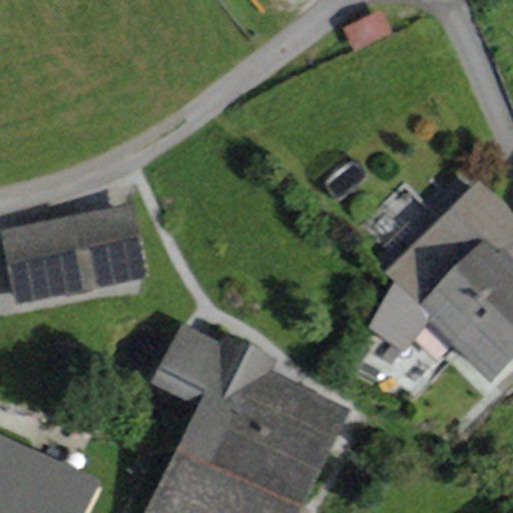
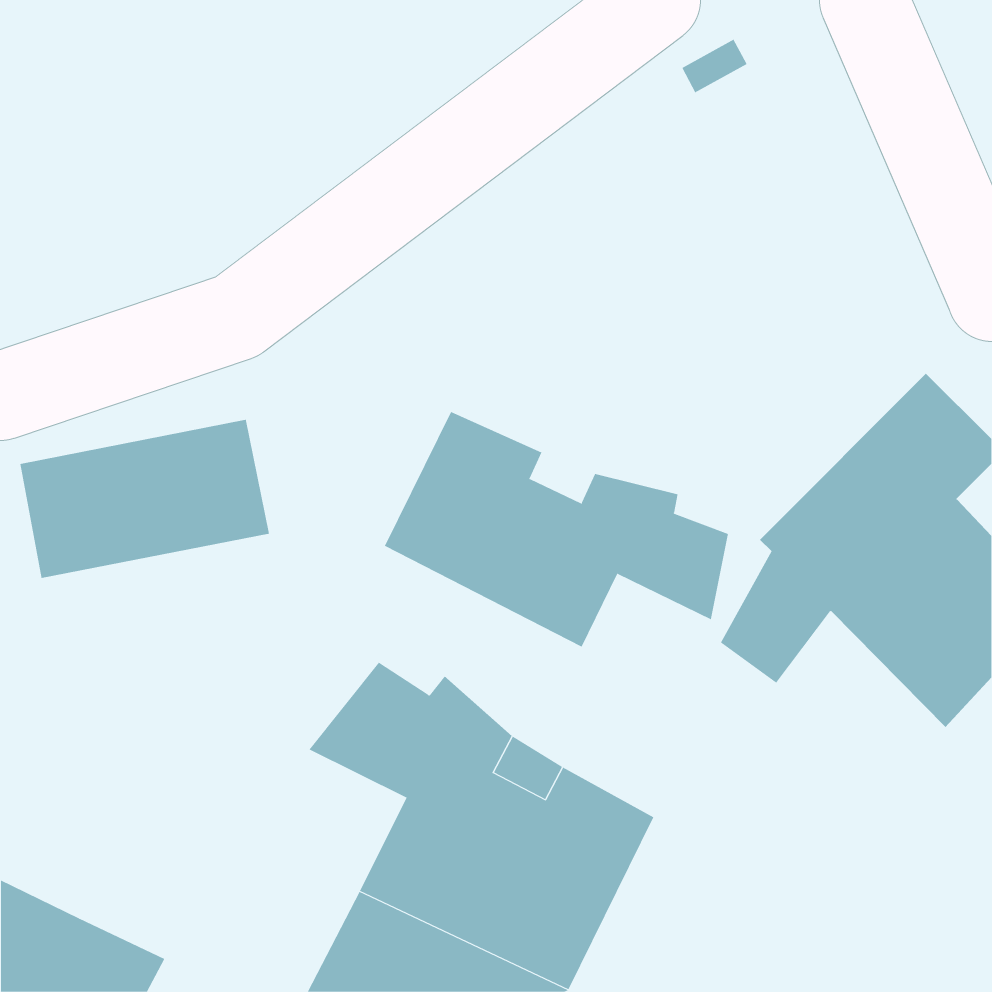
building: none -> [384,411,728,648]

